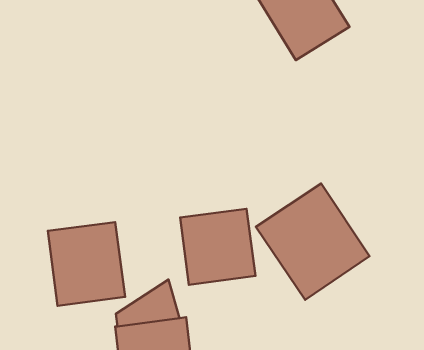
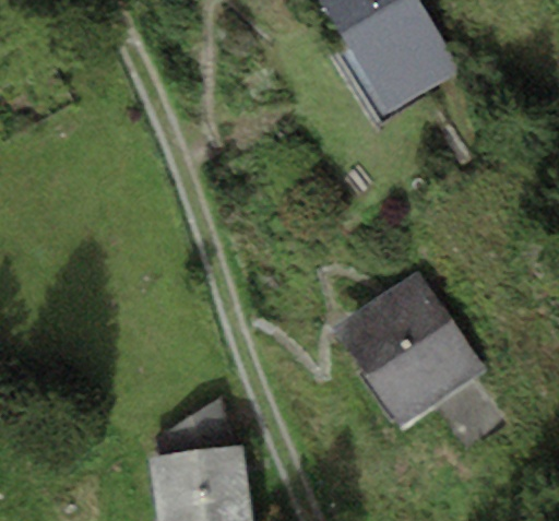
building: [180,209,255,285] -> none
building: [48,222,125,306] -> none

